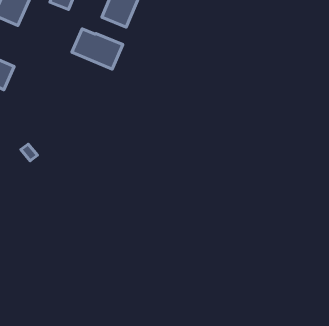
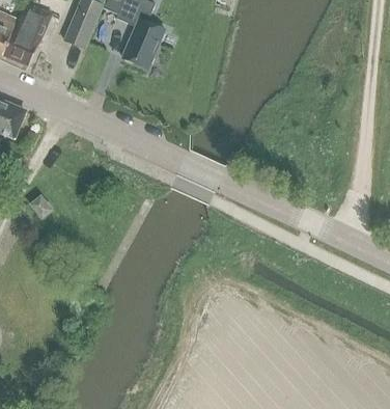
building: [72,29,123,69] -> none

